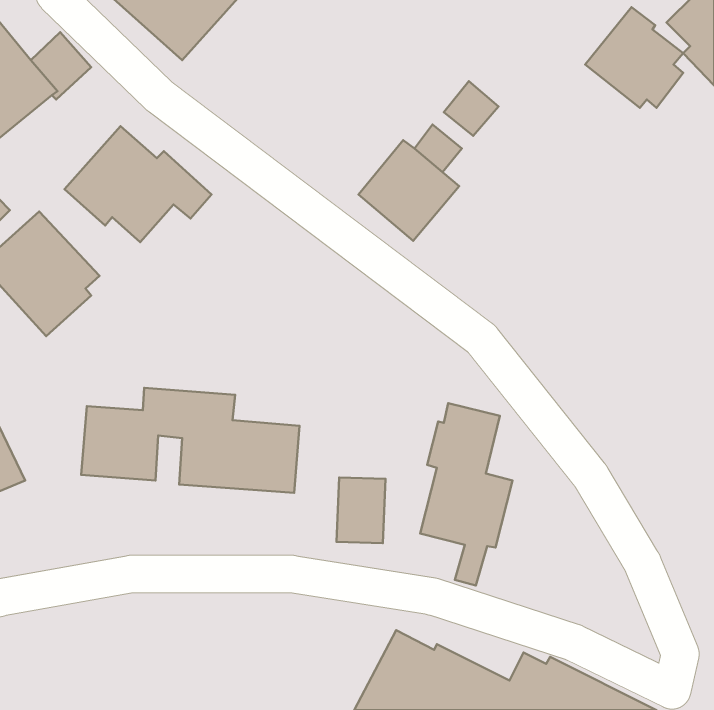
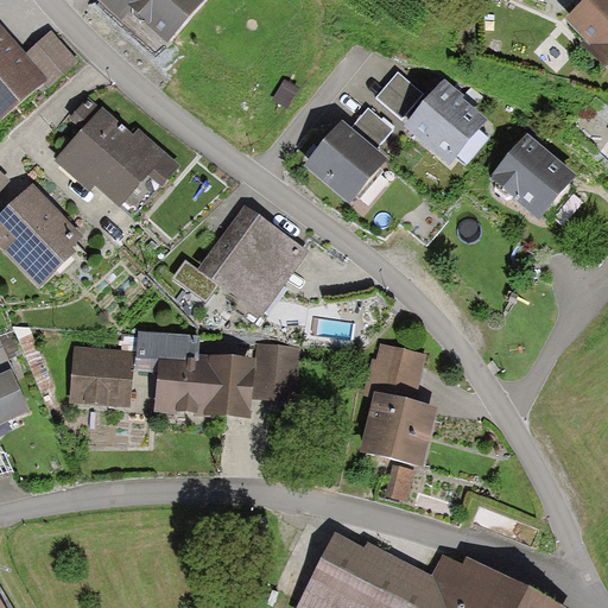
building: [585,7,683,108] -> [405,80,488,165]
building: none -> [490,135,572,217]
building: none -> [197,205,309,317]
building: [336,477,385,543] -> [255,341,297,397]

